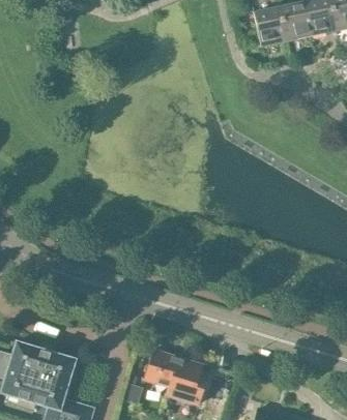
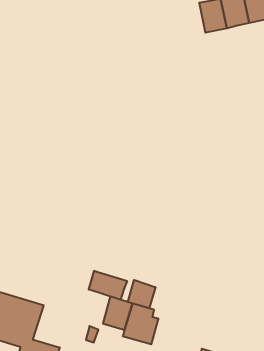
building: none -> [89,271,127,300]
building: none -> [128,280,155,308]

